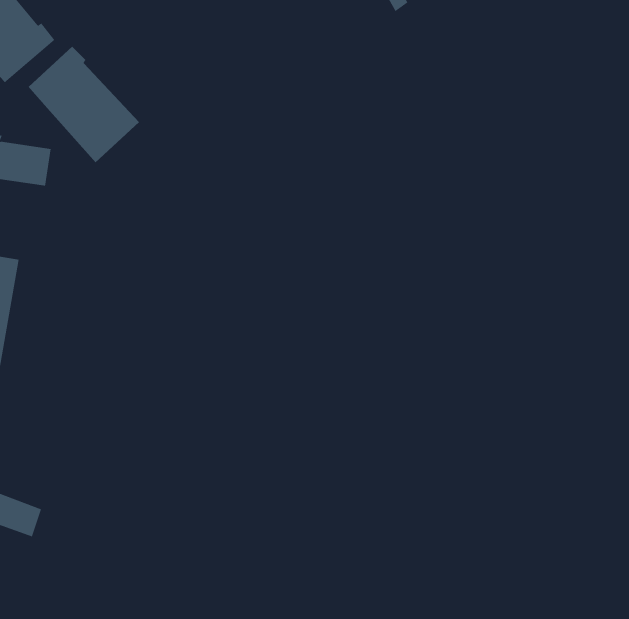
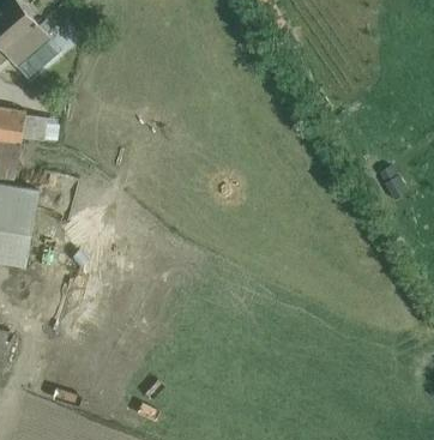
building: [28,46,140,163] -> none

